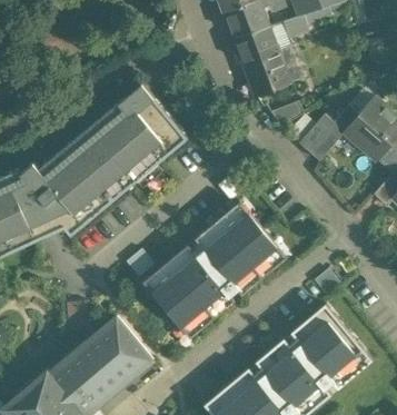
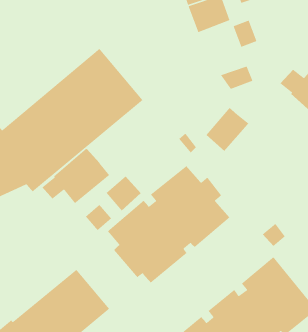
building: [244,52,290,95] -> none
building: [297,111,344,159] -> [206,107,249,152]
building: none -> [41,148,110,204]
building: none -> [105,176,141,212]

